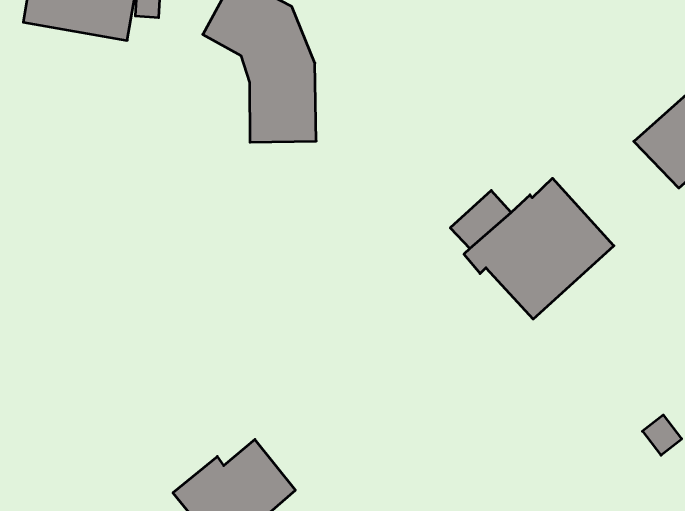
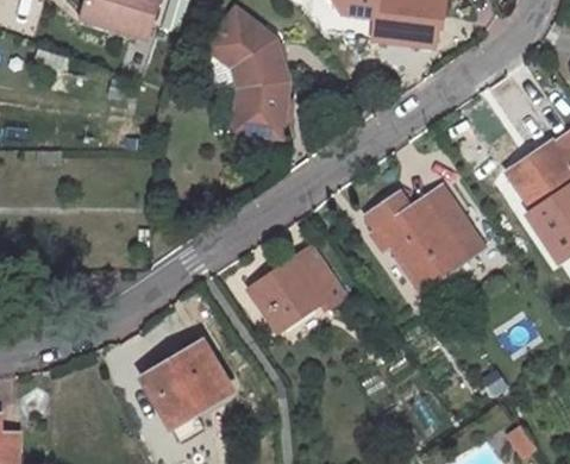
building: none -> [250,250,347,328]

